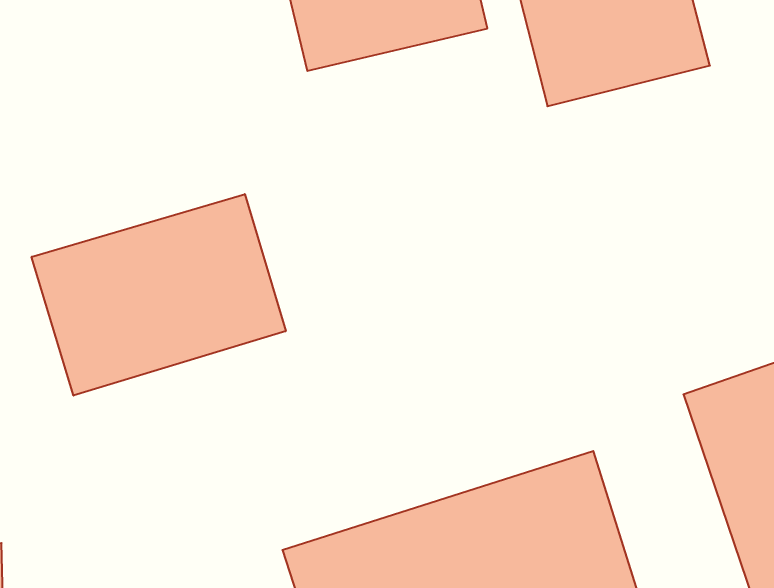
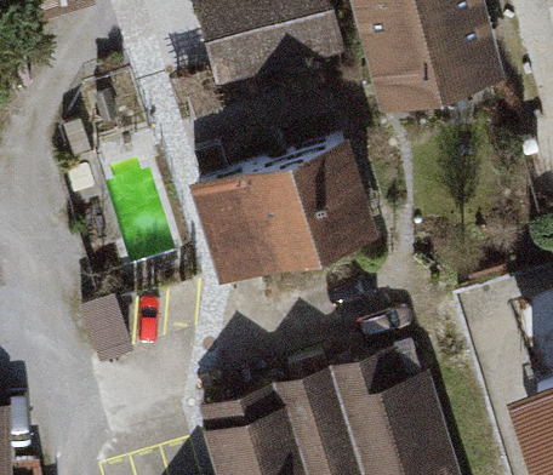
building: none -> [192,139,380,281]
building: [32,194,286,396] -> none

